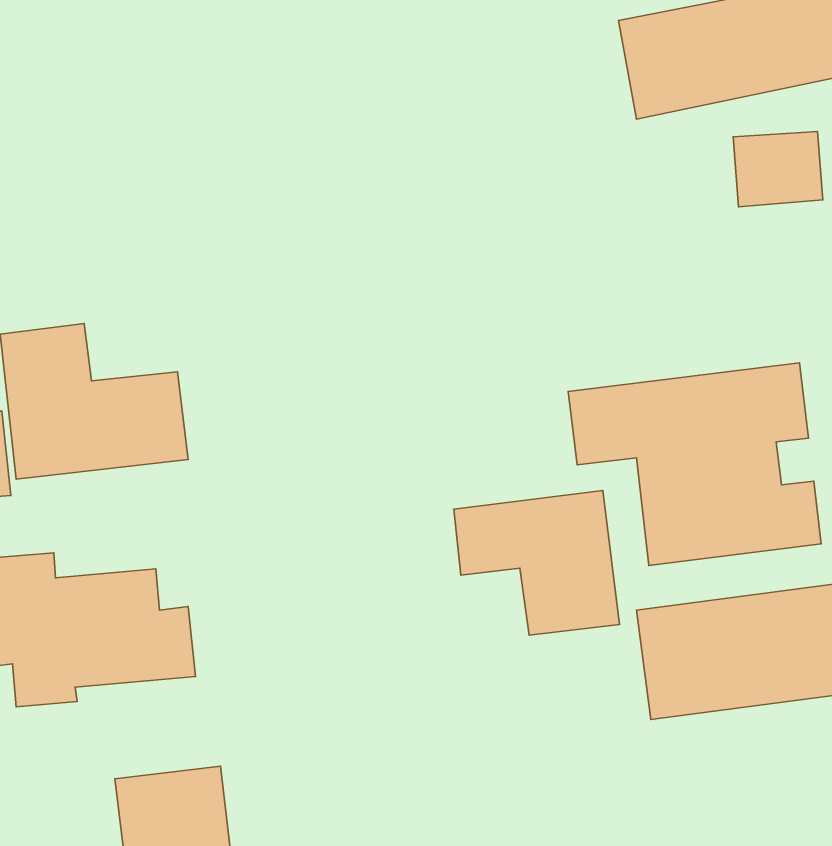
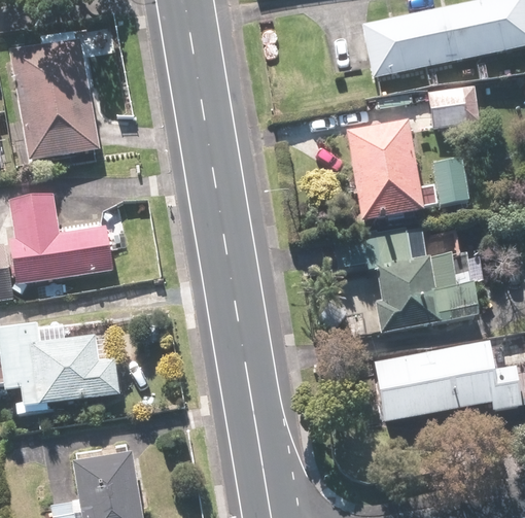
building: none -> [12,40,101,161]
building: none -> [345,118,468,221]
building: [454,490,619,635] -> none

